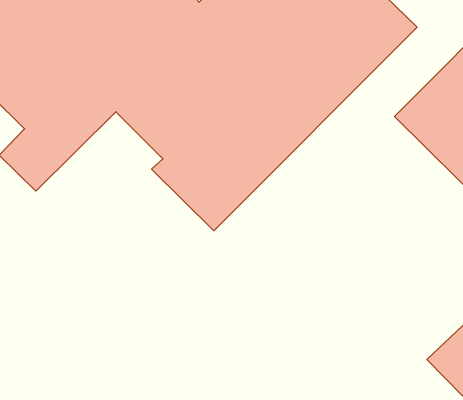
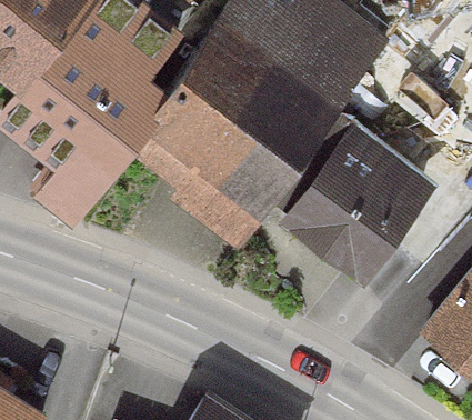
building: none -> [299,138,431,273]

